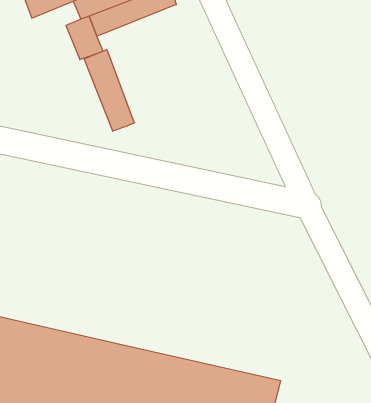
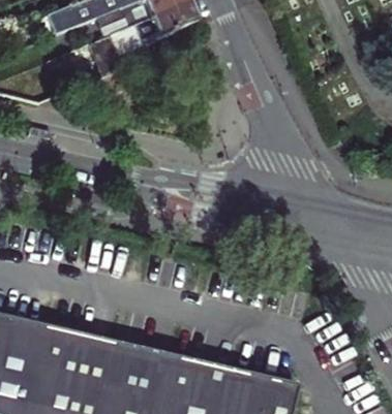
building: [84,50,135,131] -> none

